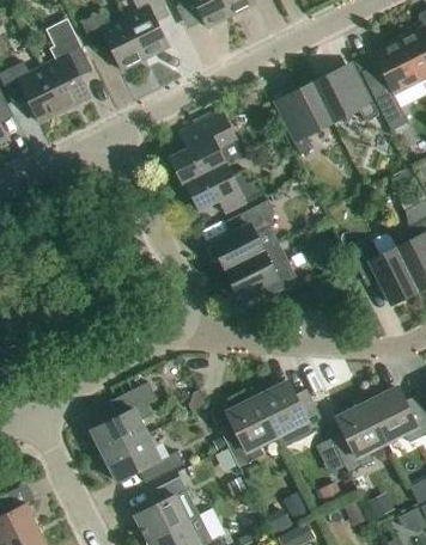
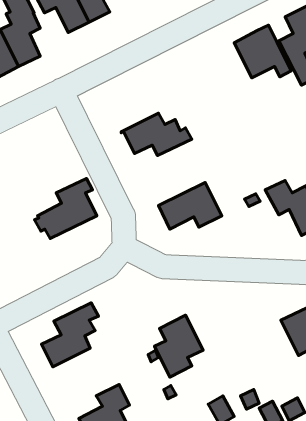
building: [272,81,333,154] -> none
building: [169,110,243,184] -> none
building: [207,200,279,269] -> [35,178,97,239]
building: [256,381,324,436] -> none
building: [330,402,387,472] -> none
building: [103,434,183,483] -> none

